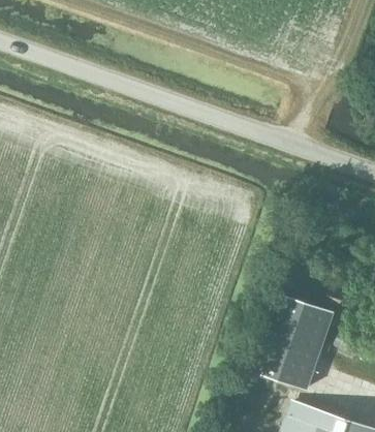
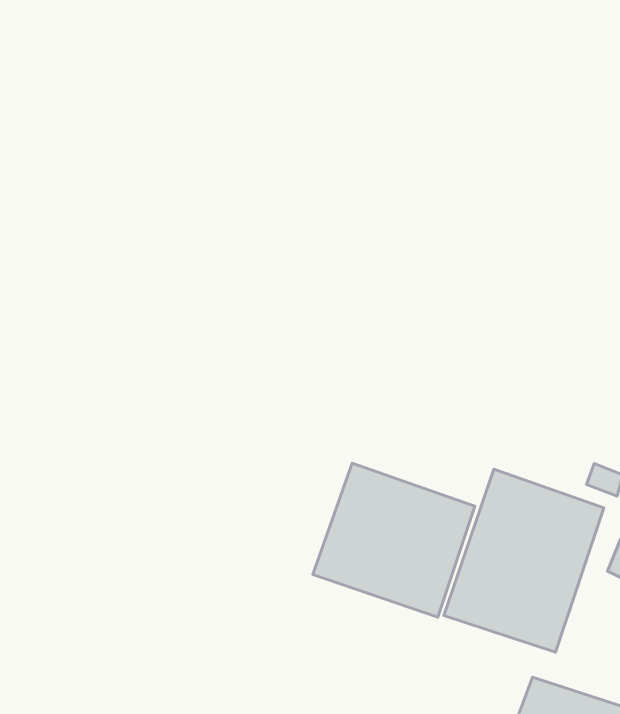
building: none -> [313,463,475,617]

